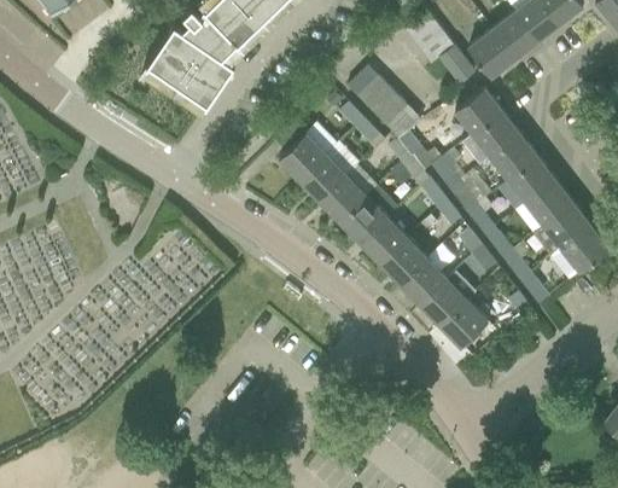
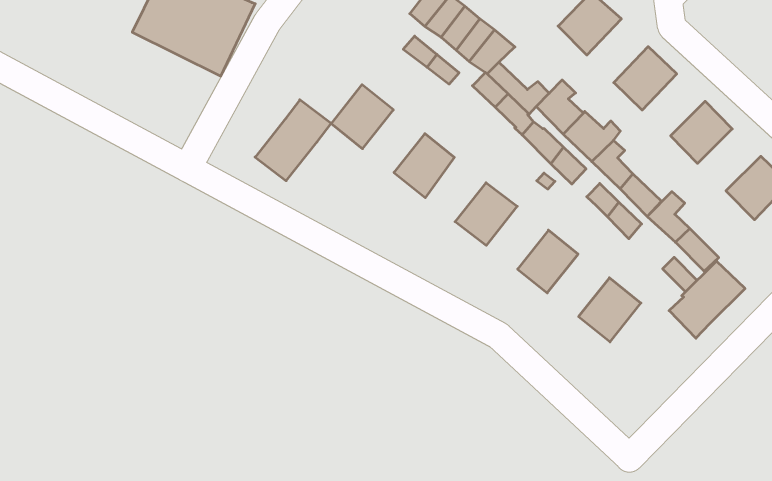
building: [476,112,521,158] -> none
building: [302,144,361,202] -> [255,100,331,181]
building: [511,158,558,203] -> none
building: [343,197,389,244] -> none
building: [535,204,593,258] -> [669,261,745,338]
building: [383,239,430,285] -> none
building: [422,280,470,326] -> none

